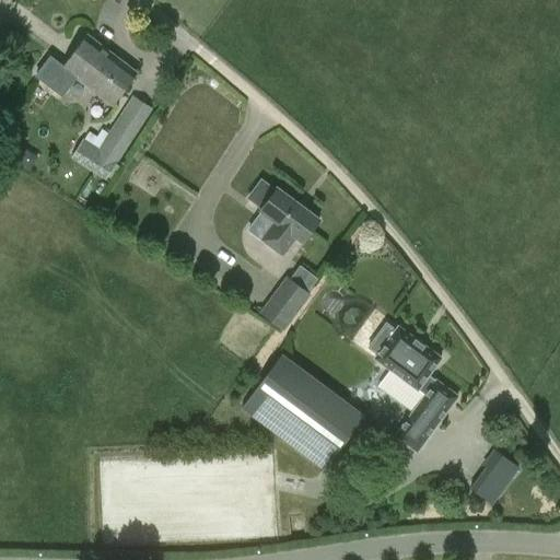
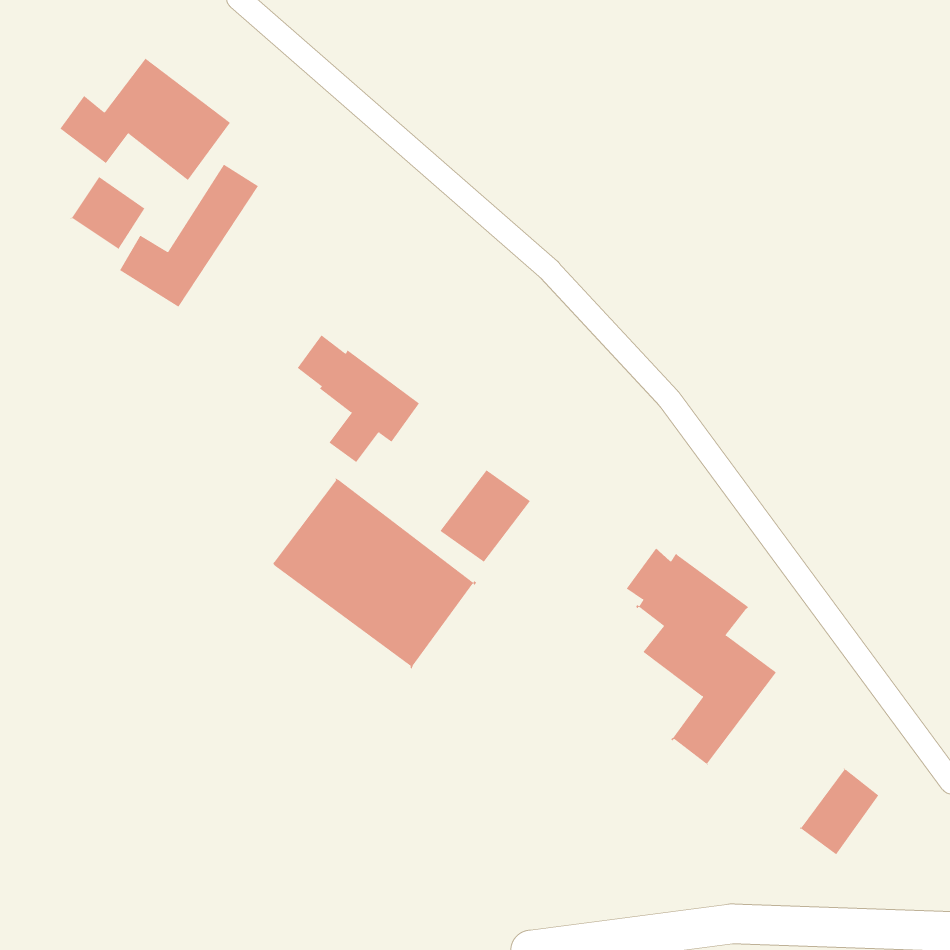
building: none -> [70,176,145,251]
building: [247,177,319,253] -> [297,334,420,463]
building: [242,355,362,468] -> [272,478,477,670]

